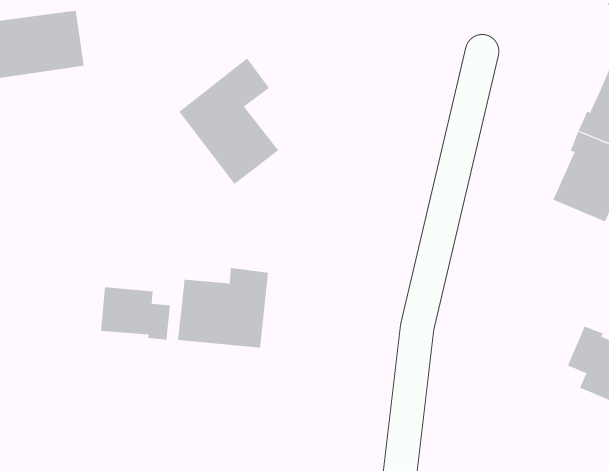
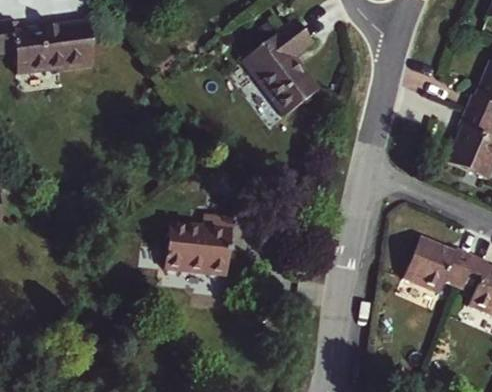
building: [178,57,279,185] -> [244,18,320,114]
building: [101,287,171,341] -> none
building: none -> [403,237,472,292]

